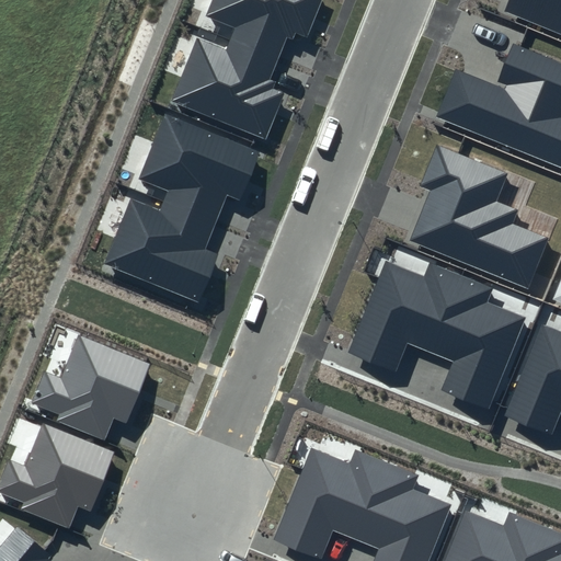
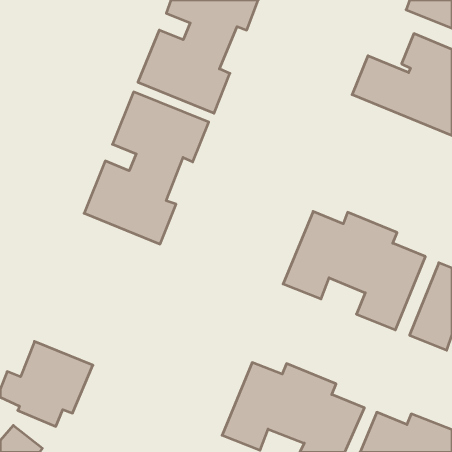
building: [411,145,547,288] -> none
building: [32,335,150,440] -> none

